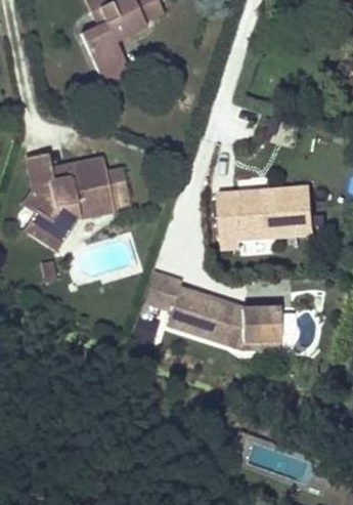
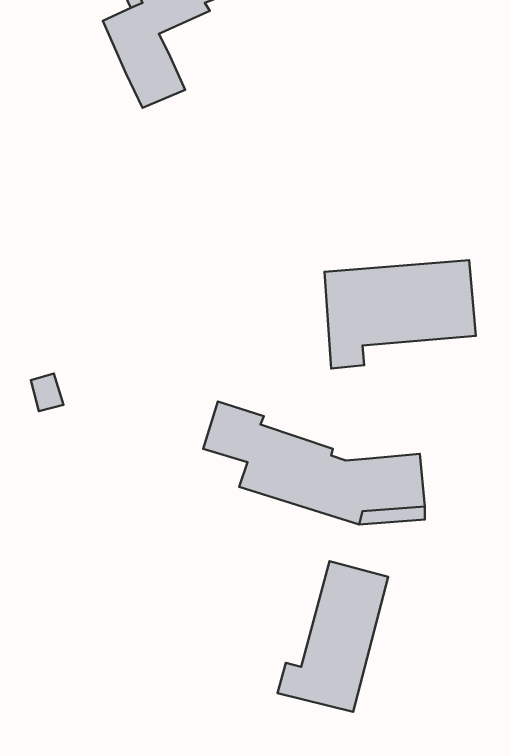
building: [24,155,112,248] -> none
building: none -> [277,561,388,712]

